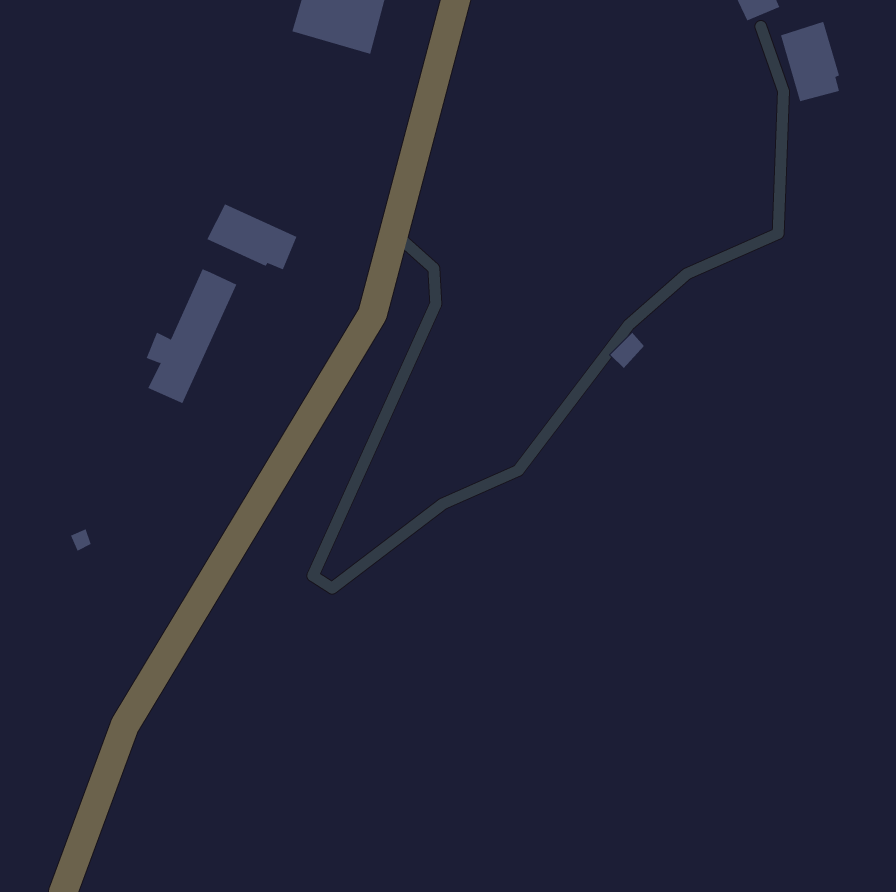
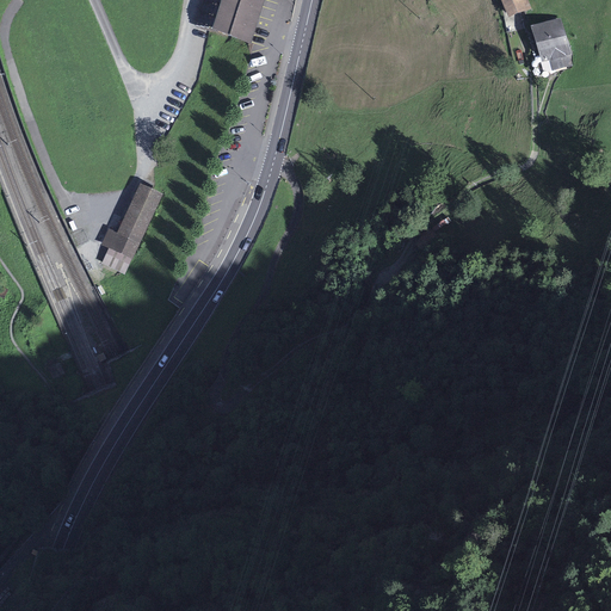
building: [207,203,297,270] -> none

